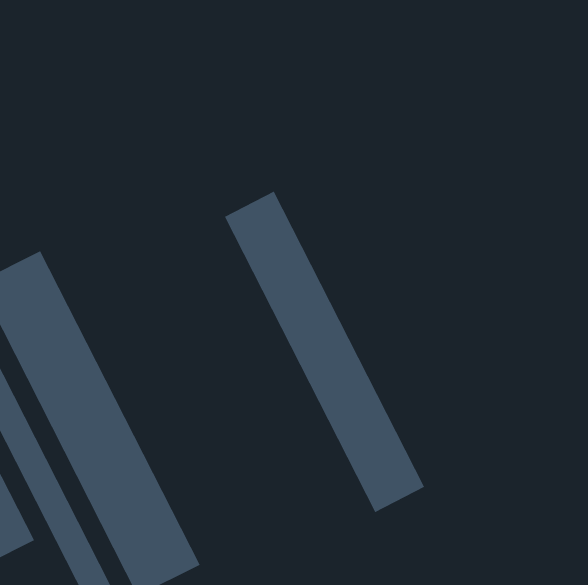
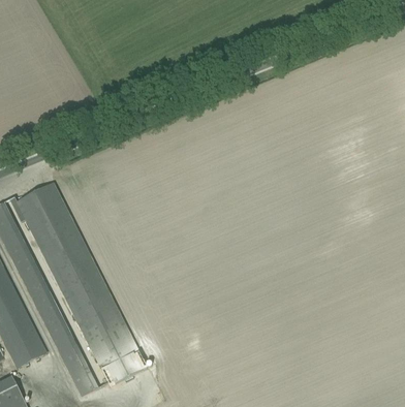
building: [224,190,425,513] -> none

